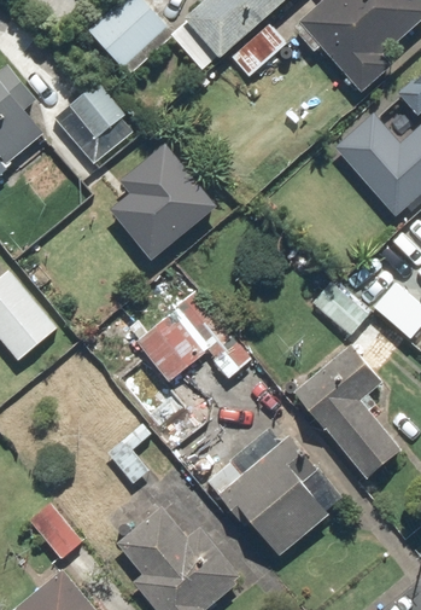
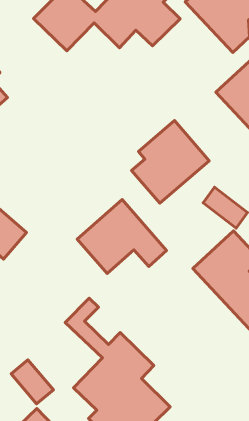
building: [49,79,129,156] -> none
building: [104,143,211,255] -> [132,121,209,203]
building: [209,424,343,557] -> none

